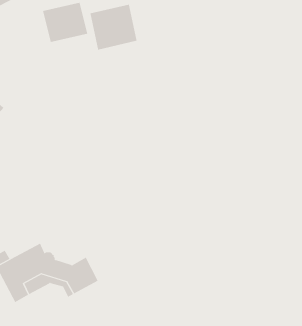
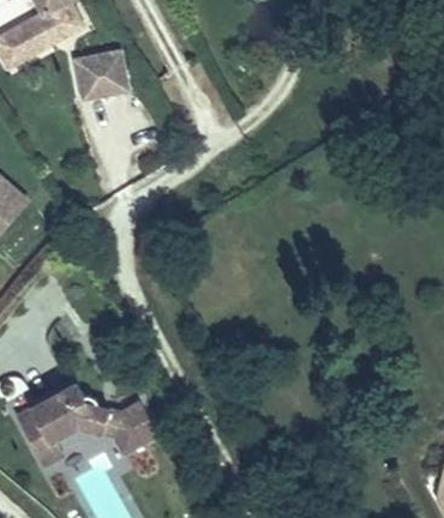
building: [90,4,137,50] -> none

